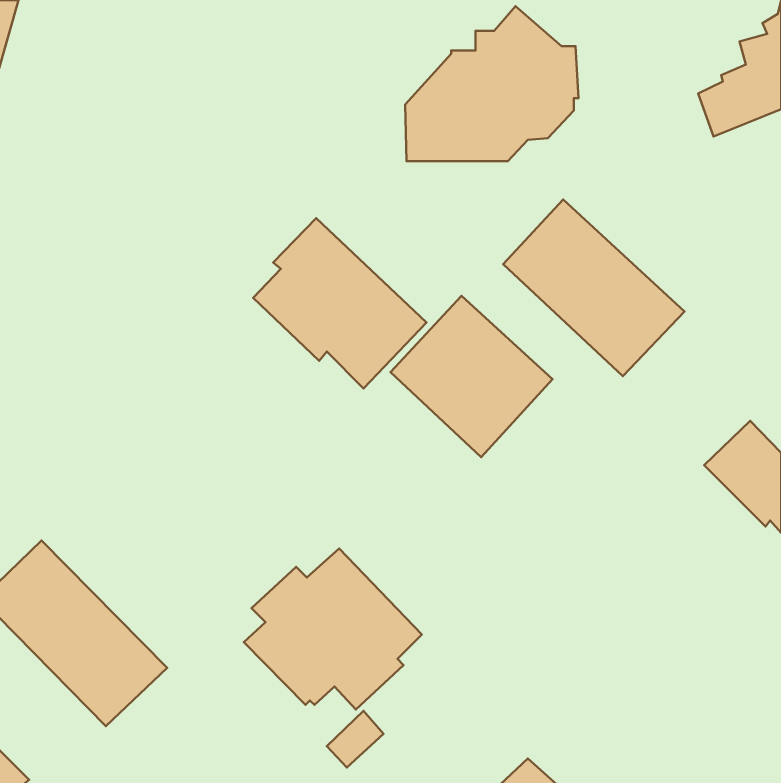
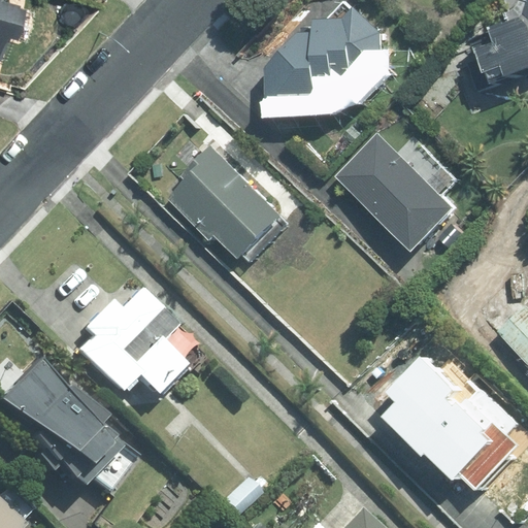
building: [391,296,552,457] -> none
building: none -> [401,358,509,489]
building: [244,548,422,710] -> [70,290,190,398]

